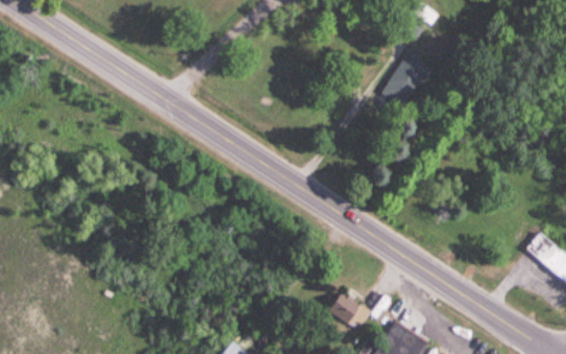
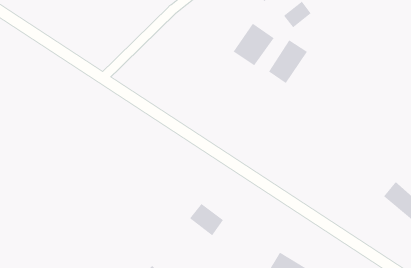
building: none -> [233,23,275,66]
building: [326,290,370,332] -> [189,203,224,236]

